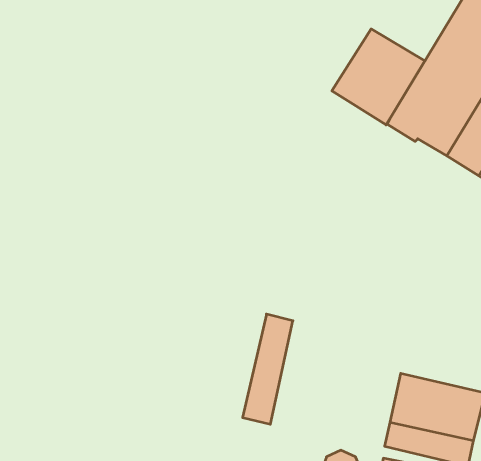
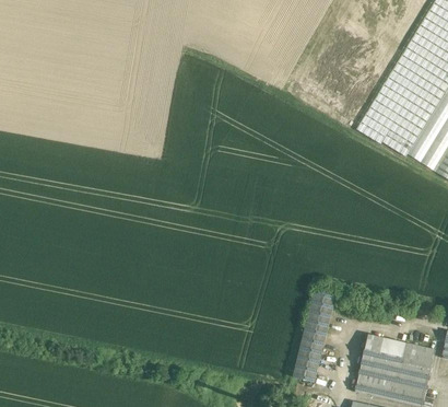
building: [332,29,425,125] -> none
building: [243,314,293,424] -> [293,291,334,382]

